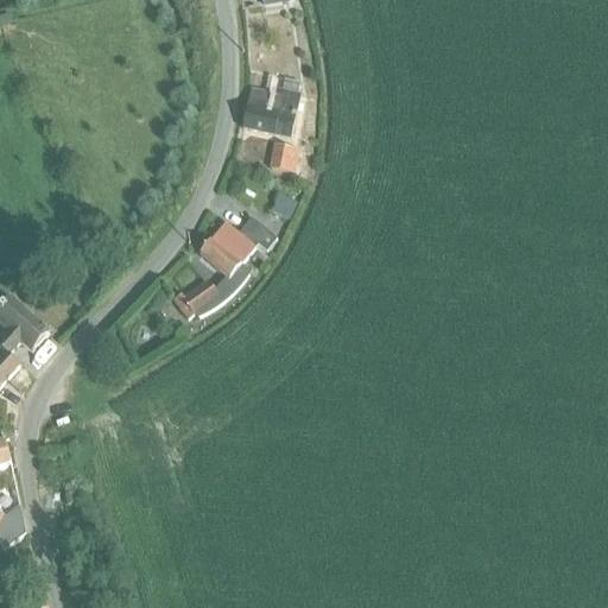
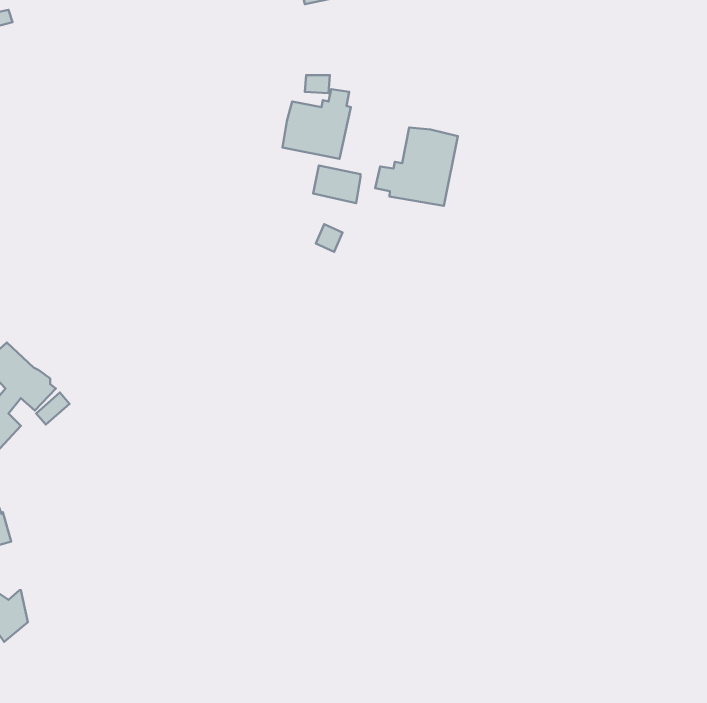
building: none -> [375,127,458,206]
building: [171,215,276,316] -> none

